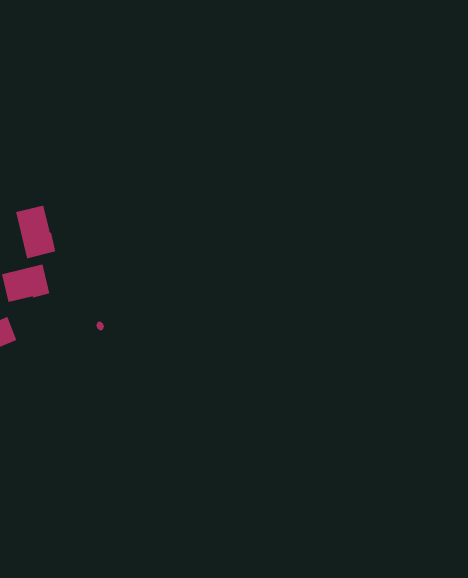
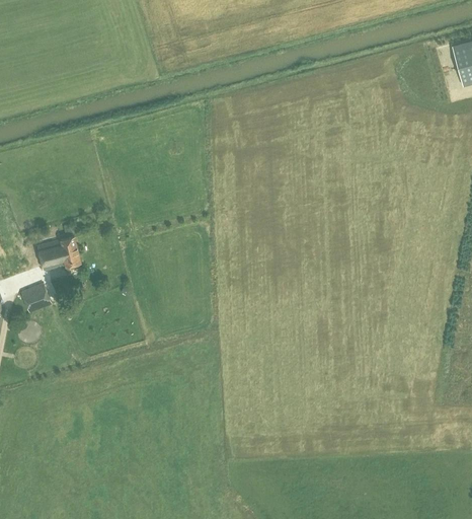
building: [16,205,56,259] -> none

